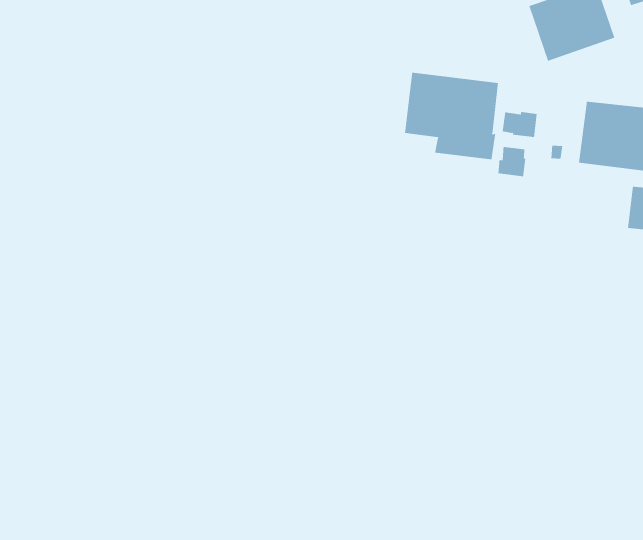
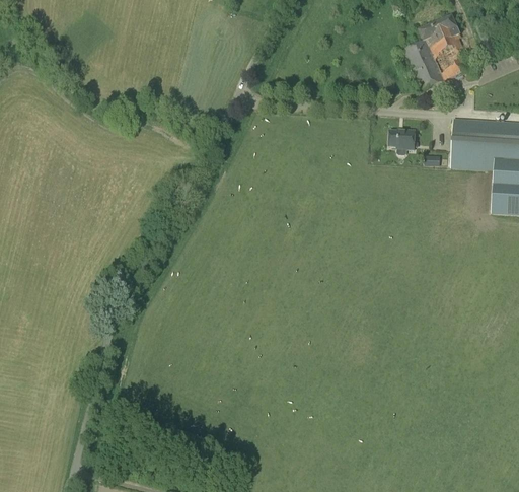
building: [405,72,499,160] -> none
building: [498,146,526,177] -> none

